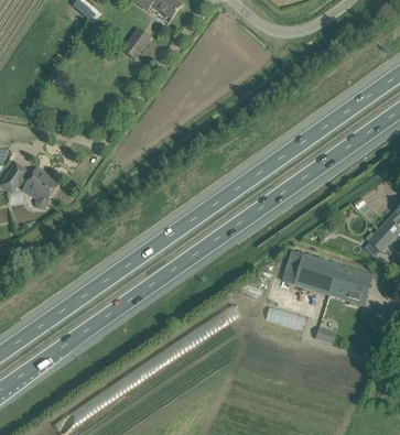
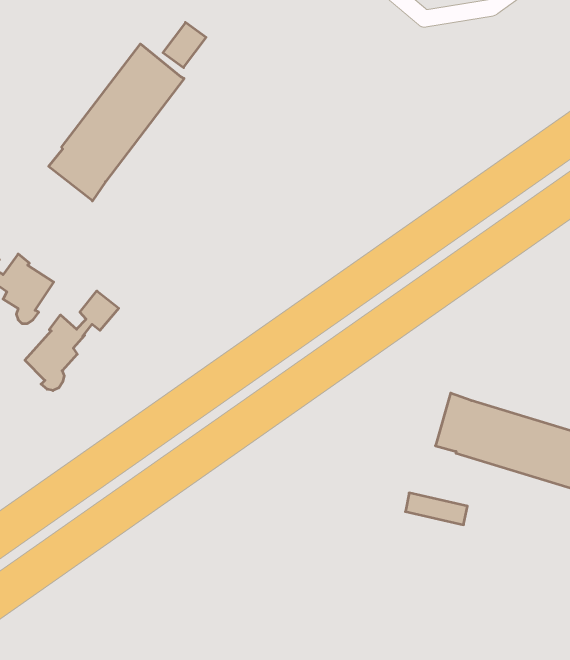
building: none -> [49,44,184,201]
building: none -> [25,291,119,391]

